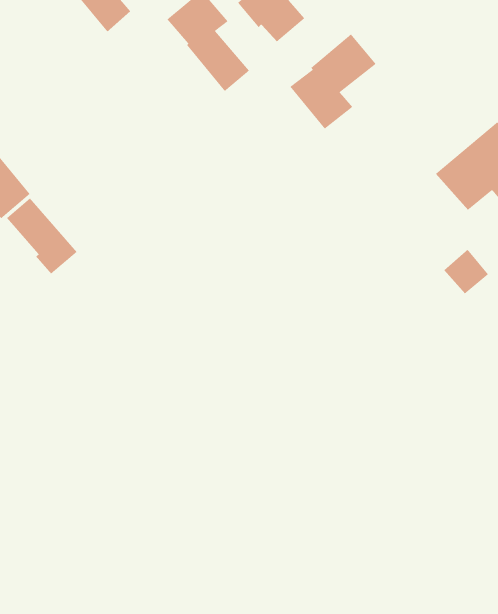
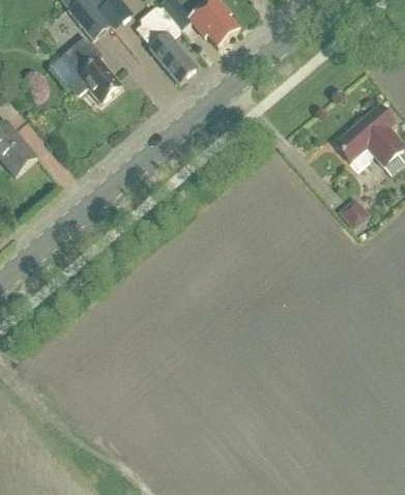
building: none -> [61,34,121,101]
building: [289,34,376,129] -> none
building: [6,197,78,274] -> none

